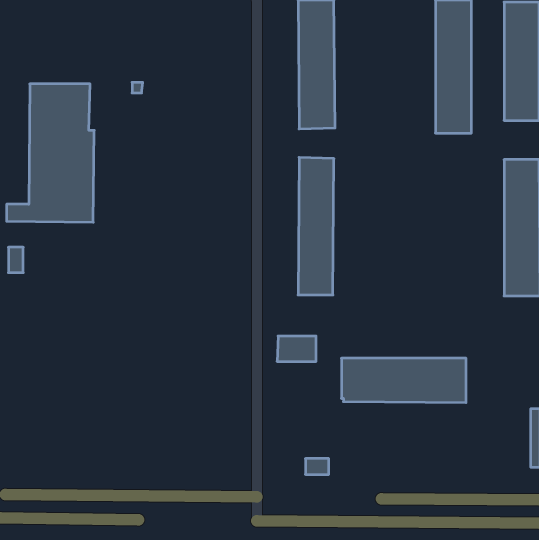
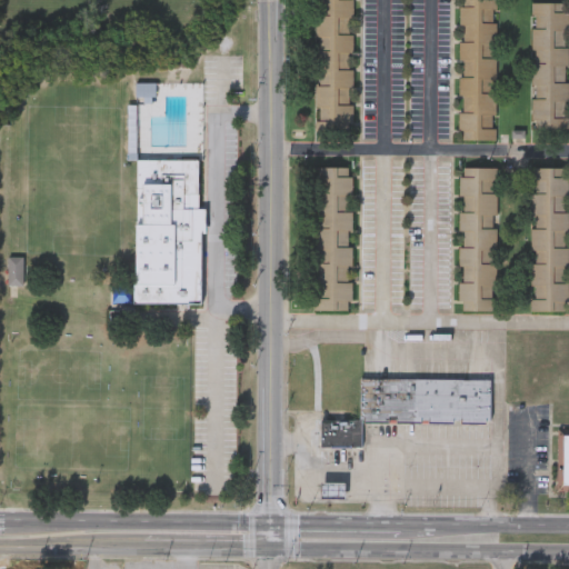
building: [7,84,94,222] -> [114,159,207,305]
building: none -> [459,167,498,311]
building: [277,336,316,361] -> [321,419,362,446]

